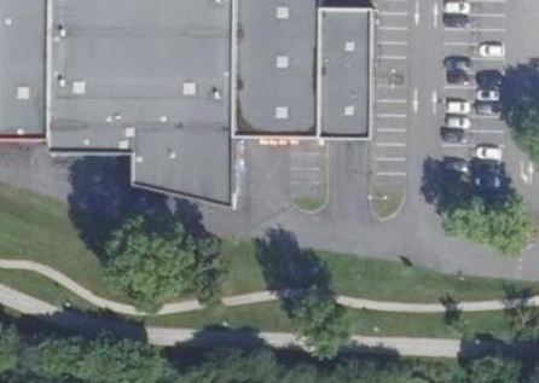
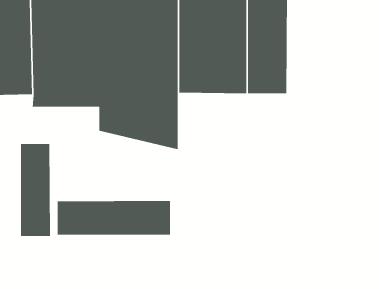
building: none -> [20,143,51,237]
building: none -> [57,200,171,235]

